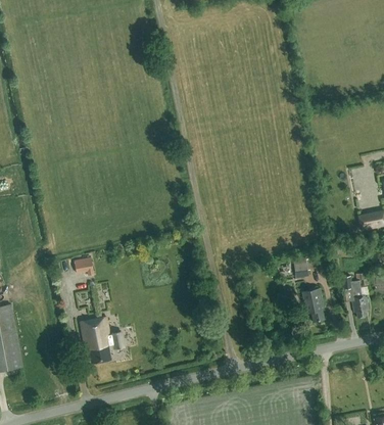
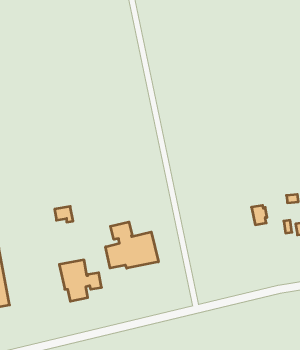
building: none -> [106,222,158,268]
building: [301,288,324,322] -> none

